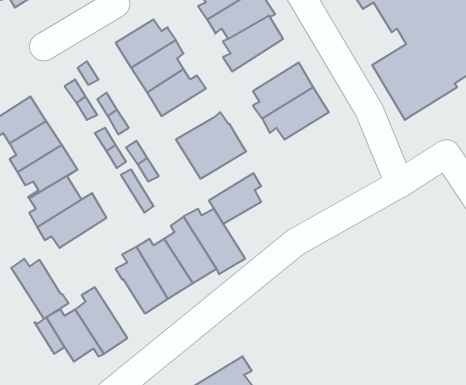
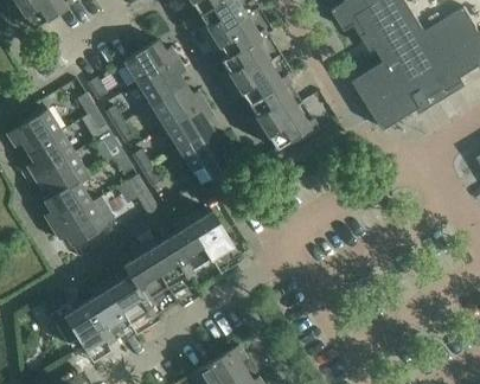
building: none -> [228,56,288,103]
building: [209,173,261,224] -> [164,101,211,147]
building: [11,259,69,319] -> [103,273,155,327]

